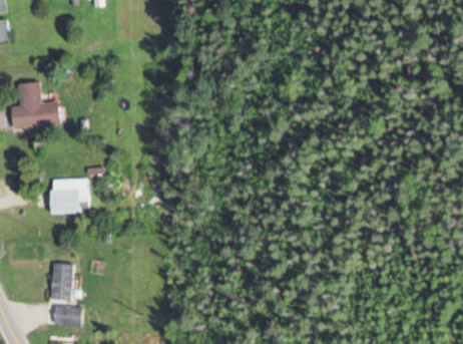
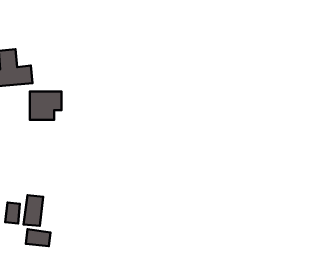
building: [50,179,89,214] -> [30,91,61,120]
building: none -> [5,203,20,224]

